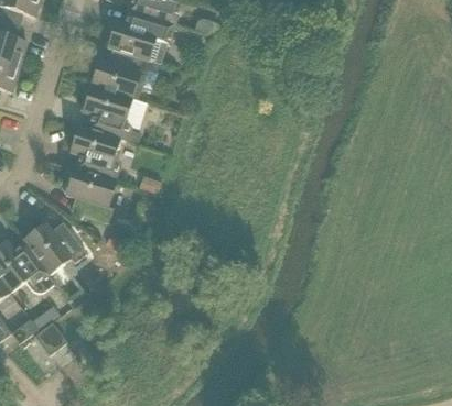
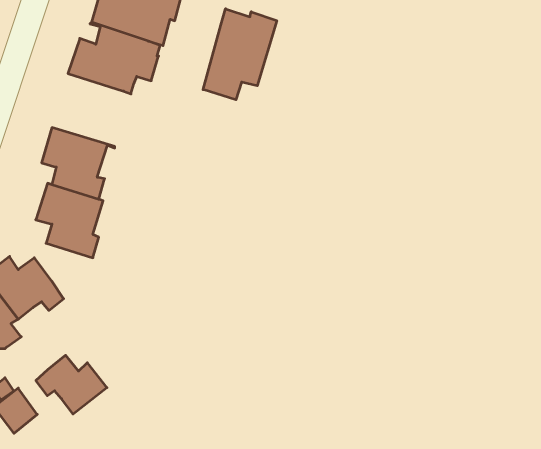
building: none -> [203,9,277,100]
building: [77,85,131,140] -> none
building: none -> [36,355,107,414]

